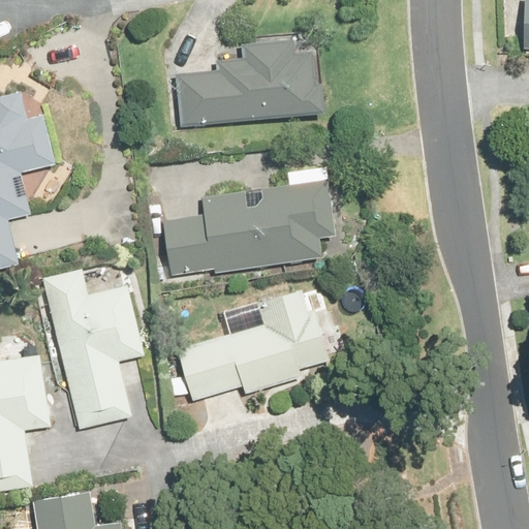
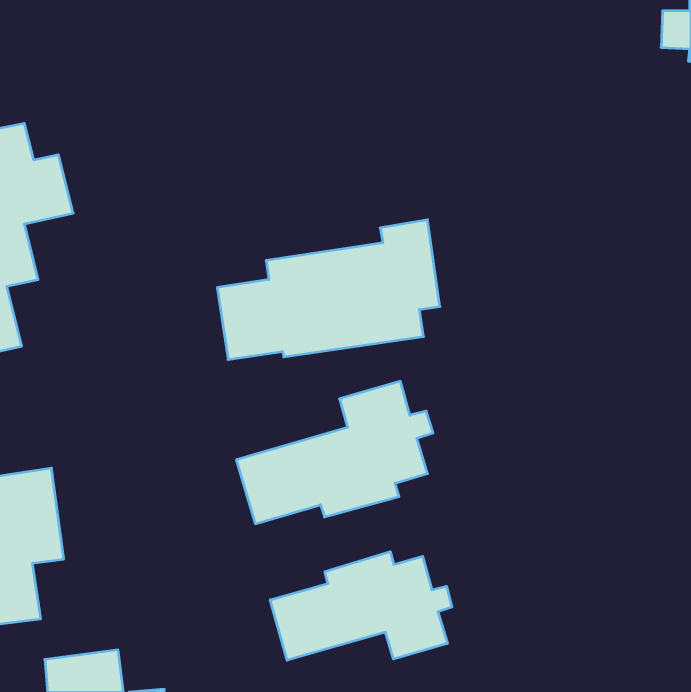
building: [176,40,326,124] -> none
building: [43,268,144,431] -> none
building: none -> [270,552,452,660]

